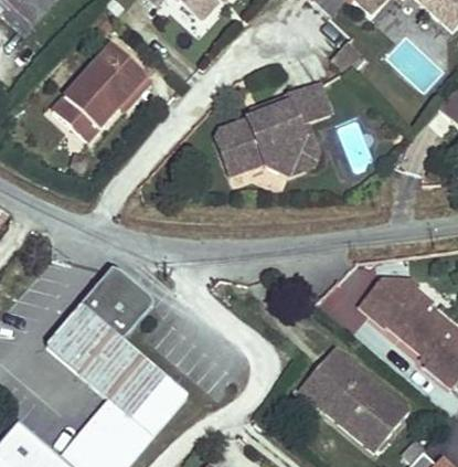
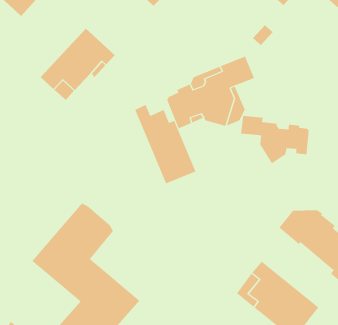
building: none -> [134,104,196,184]
building: none -> [241,115,309,164]

